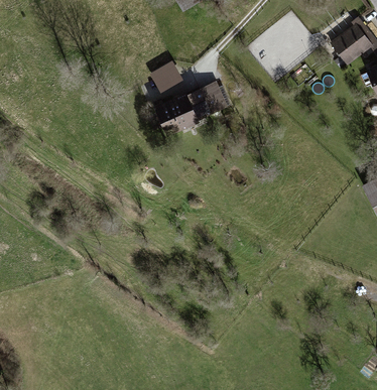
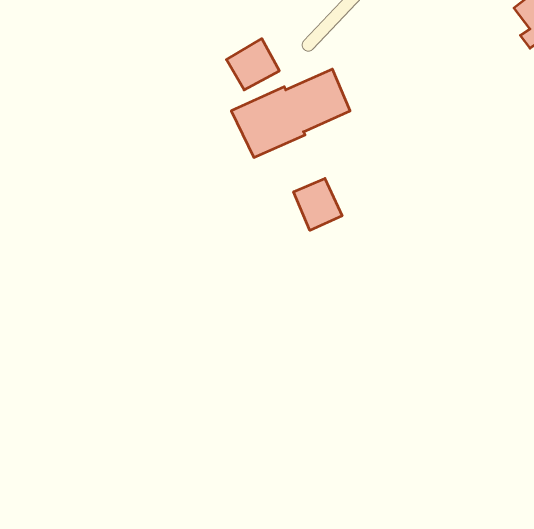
building: none -> [294,178,342,230]

